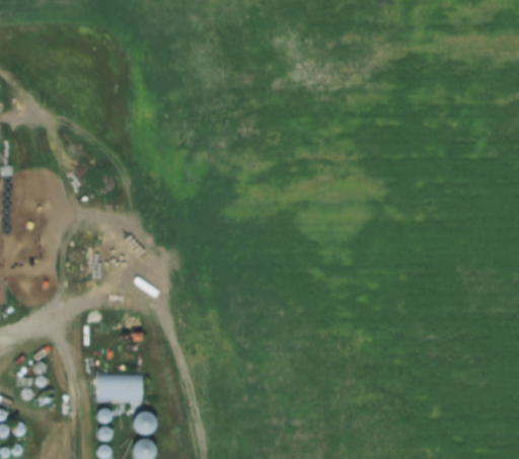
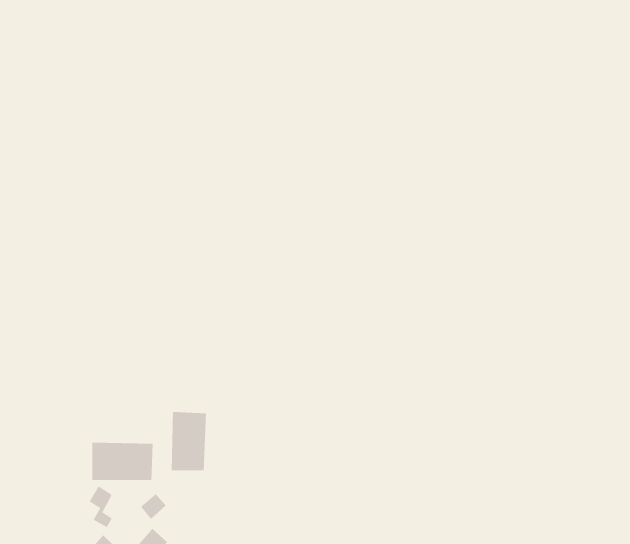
building: none -> [171,411,206,471]

